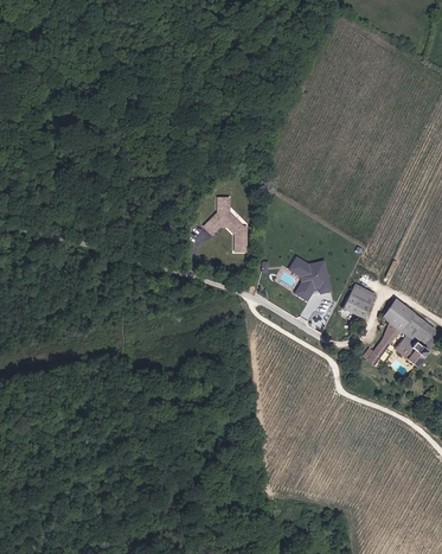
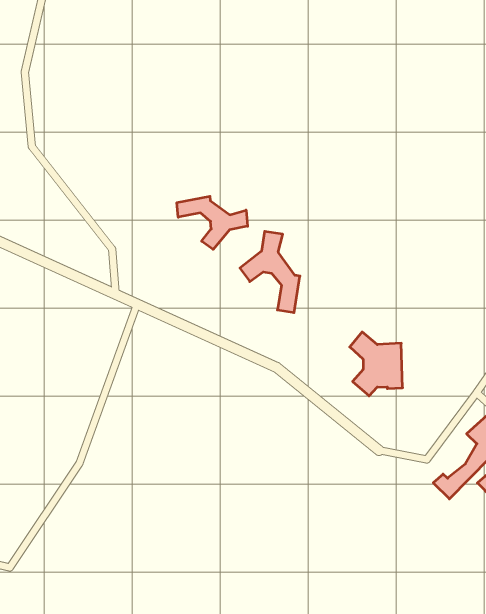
building: none -> [177,196,248,249]
building: [344,281,376,317] -> none

